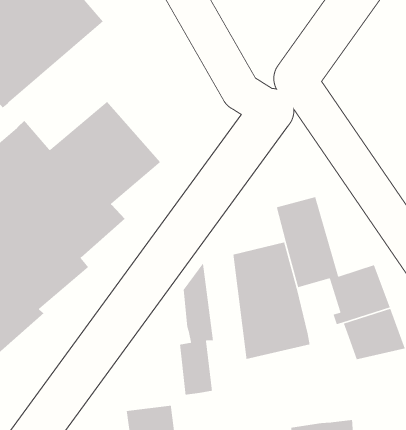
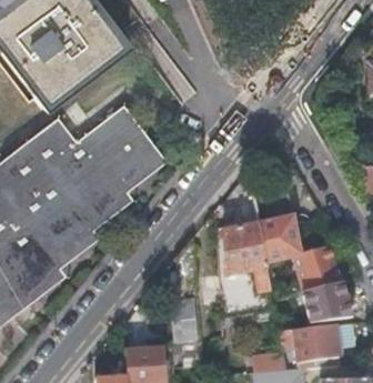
building: none -> [281,324,341,364]

